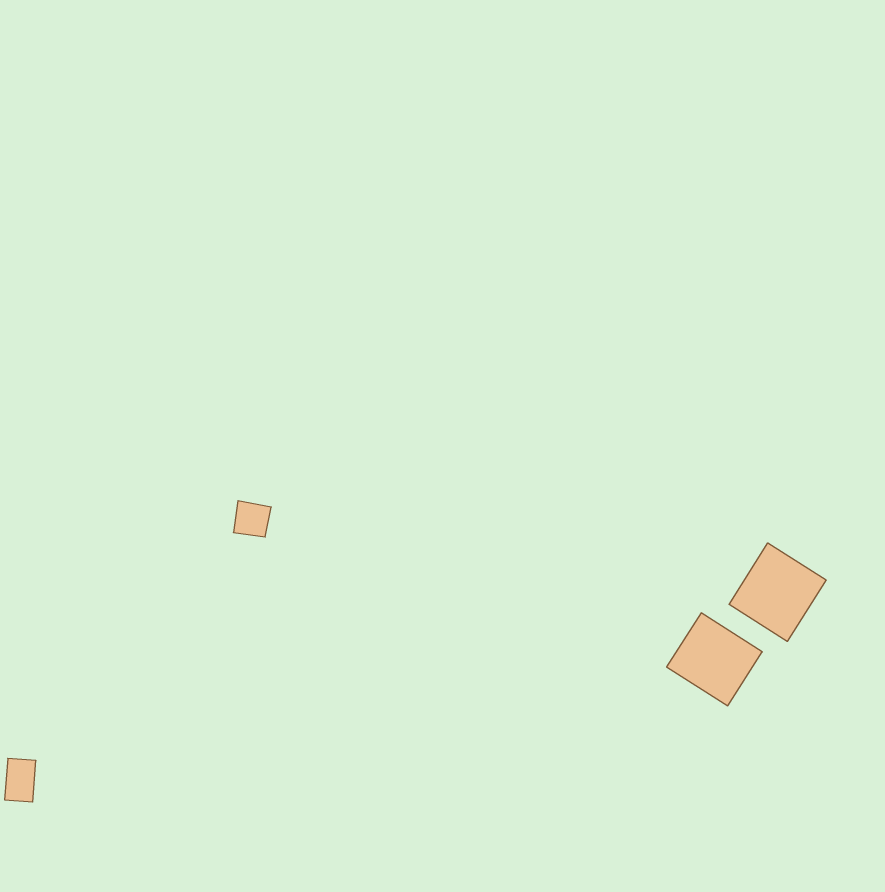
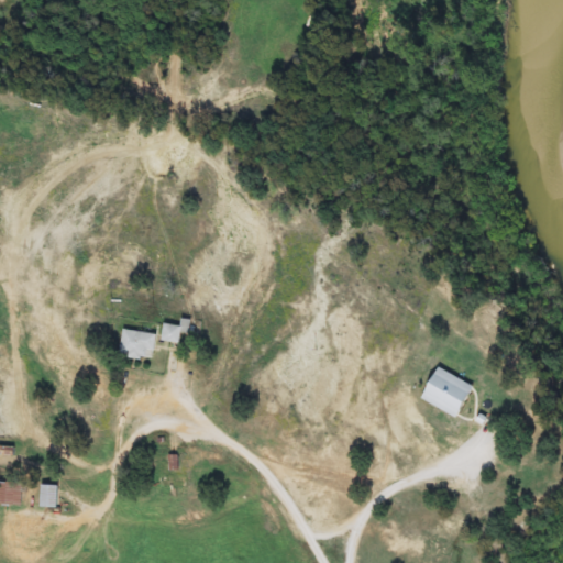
building: none -> [119,330,153,357]
building: [729,543,826,641] -> none

